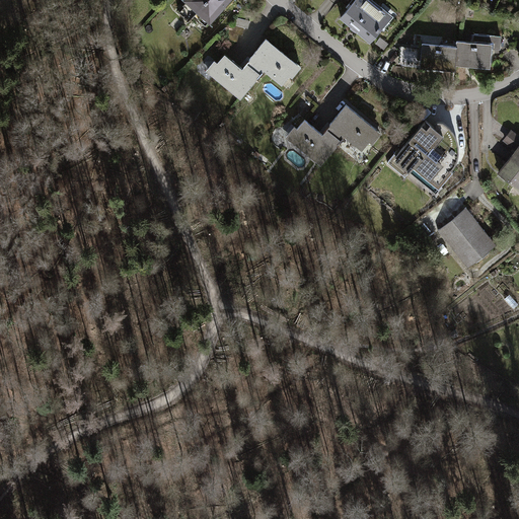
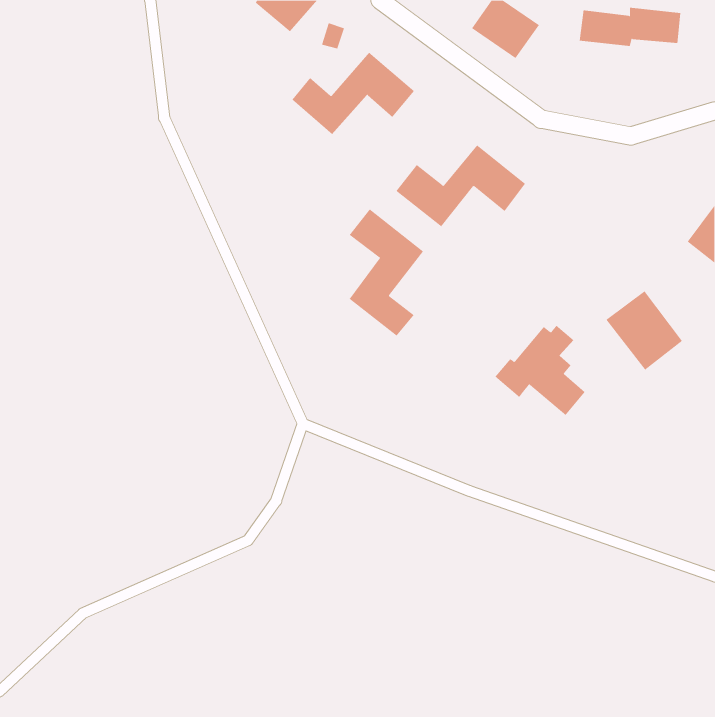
building: [418,41,492,69] -> [579,7,681,46]
building: [387,125,453,191] -> [494,325,586,416]
building: none -> [349,209,424,337]

